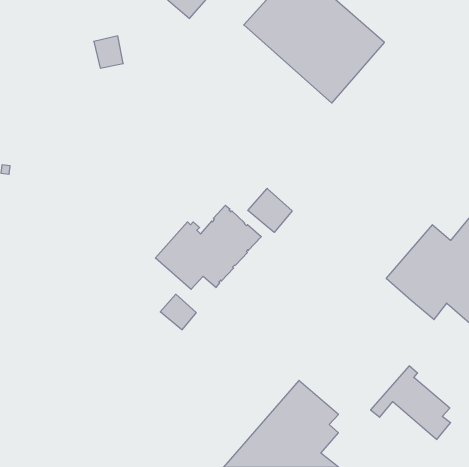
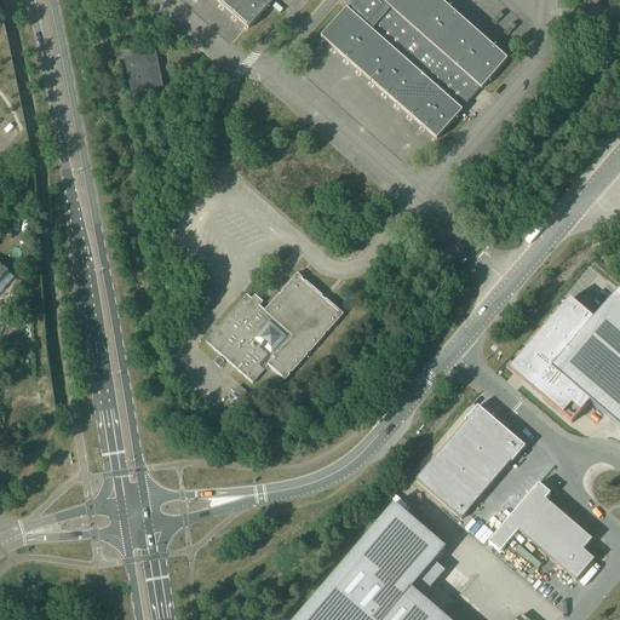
building: [248,188,292,232] -> none
building: [160,294,196,330] -> none
building: none -> [417,403,526,516]

